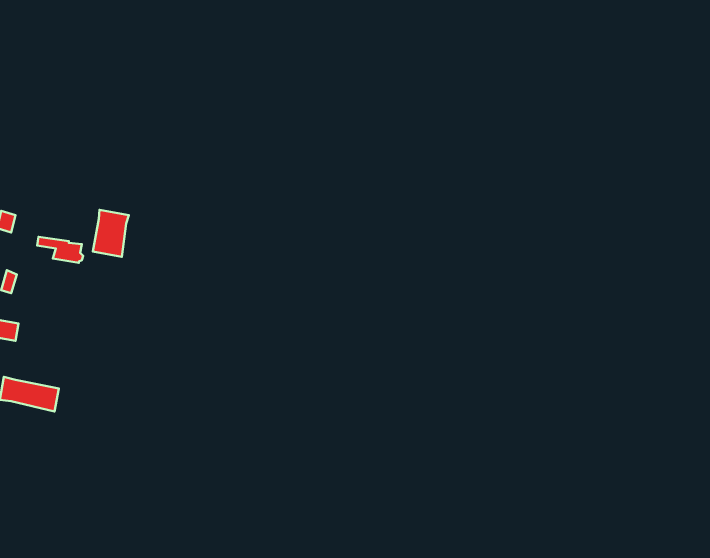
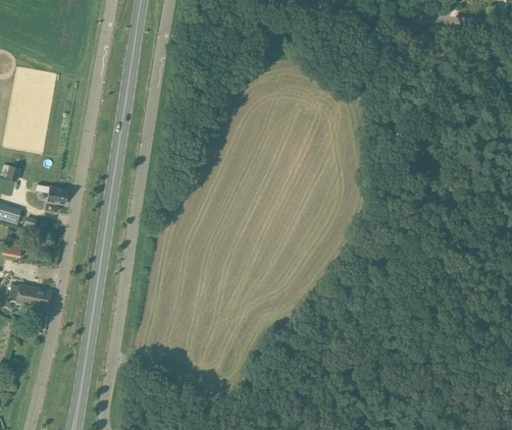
building: [93,210,129,257] -> none

